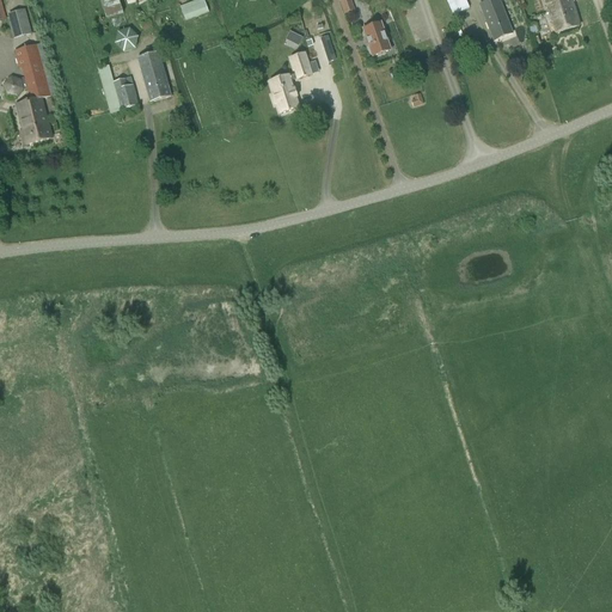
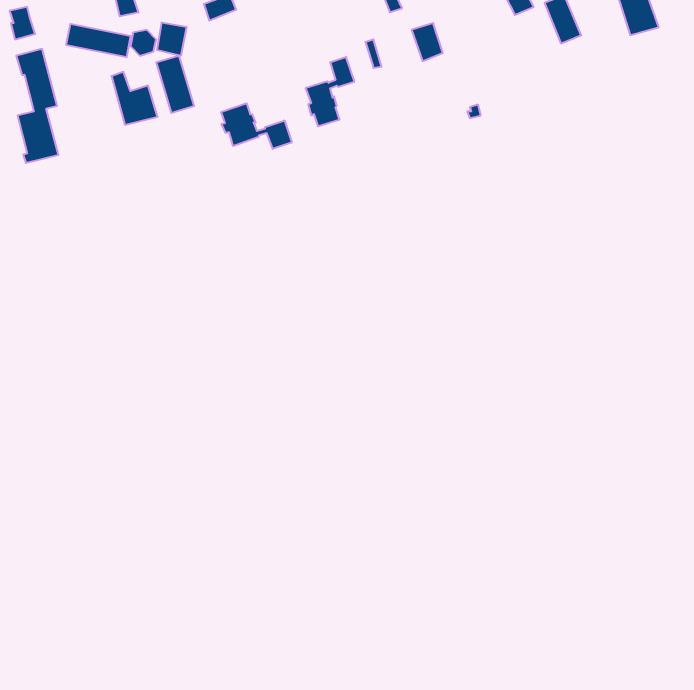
building: none -> [157,22,186,56]
building: none -> [66,24,131,57]
building: none -> [221,103,292,149]

